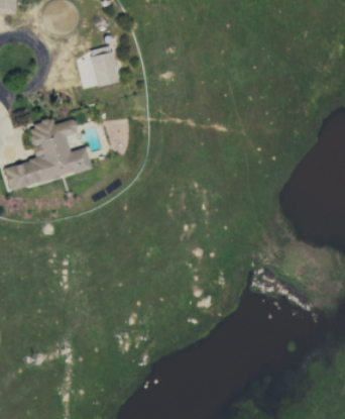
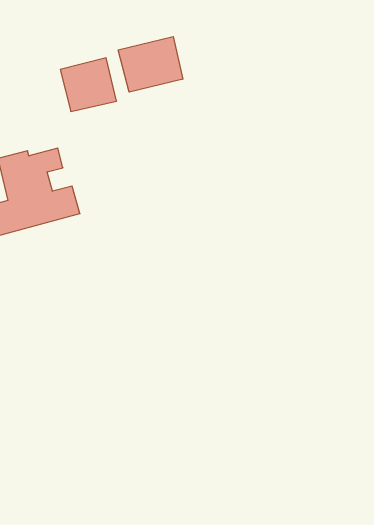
building: none -> [118,37,183,92]

